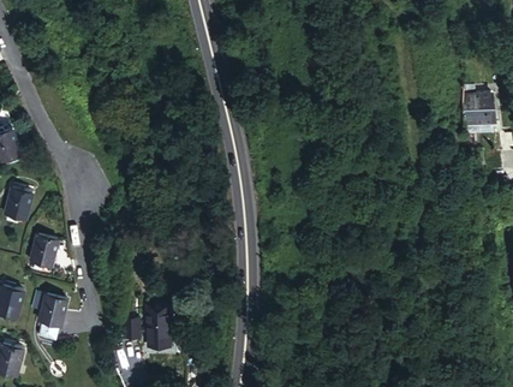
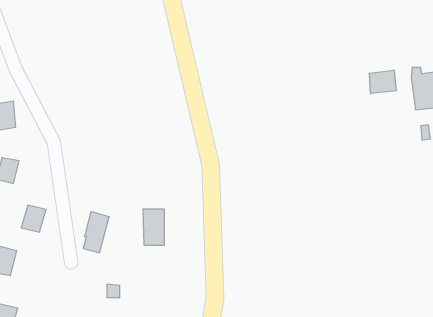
building: none -> [369,70,396,94]
building: [42,294,71,340] -> [83,212,109,253]
building: [147,309,171,349] -> [143,209,164,245]

